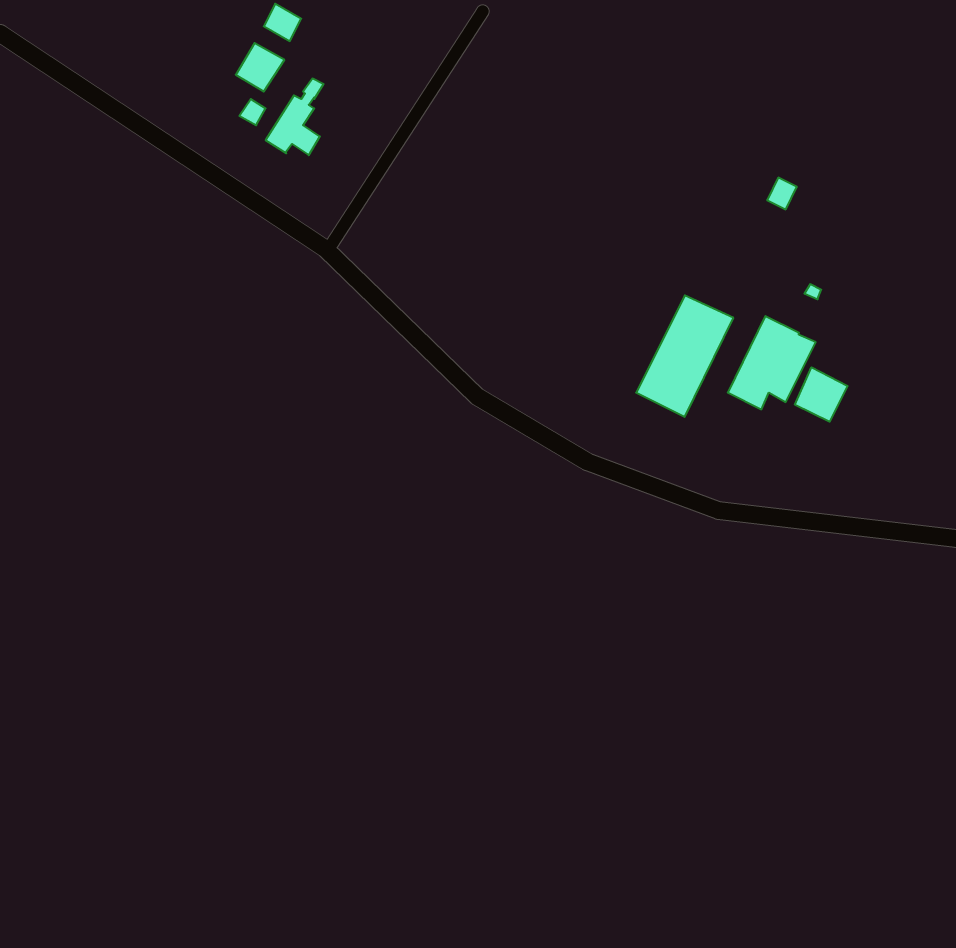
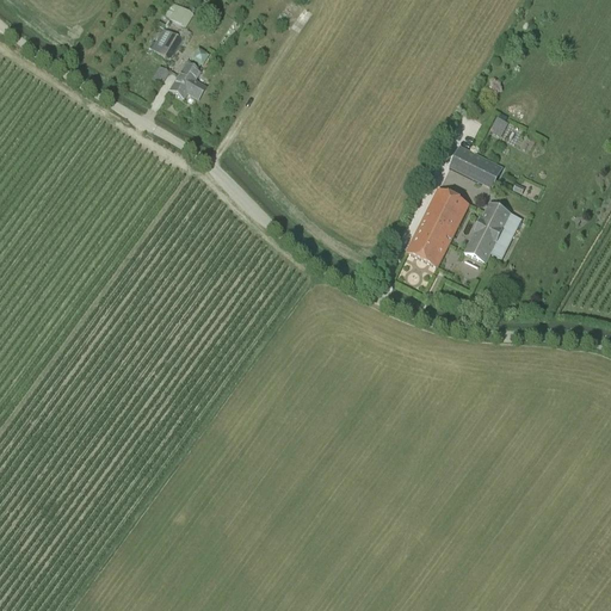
building: none -> [448,144,501,187]
building: [795,367,848,422] -> none

